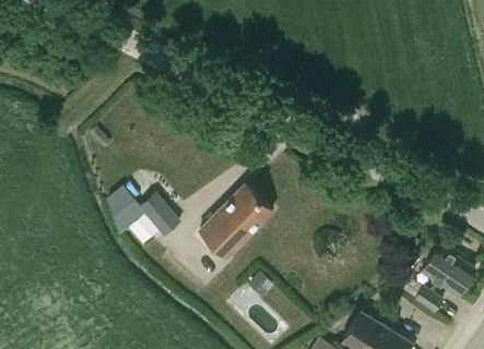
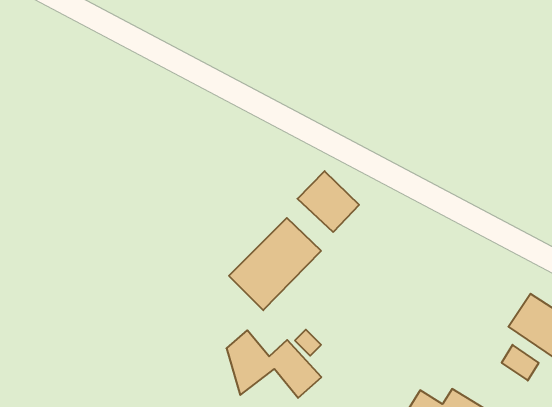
building: none -> [297,171,359,232]
building: [106,185,181,239] -> [226,330,321,398]

